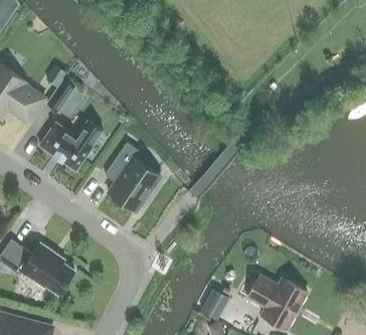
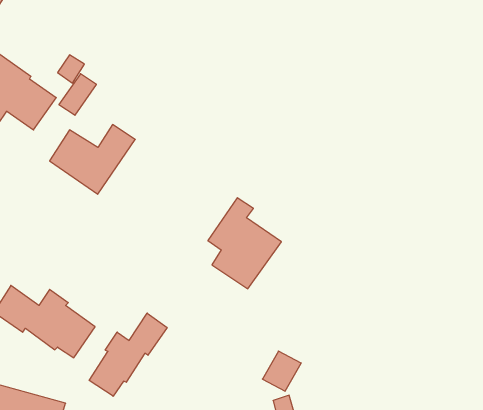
building: [105,143,160,211] -> [208,198,281,289]
building: none -> [89,313,167,396]
building: [247,276,307,329] -> none

